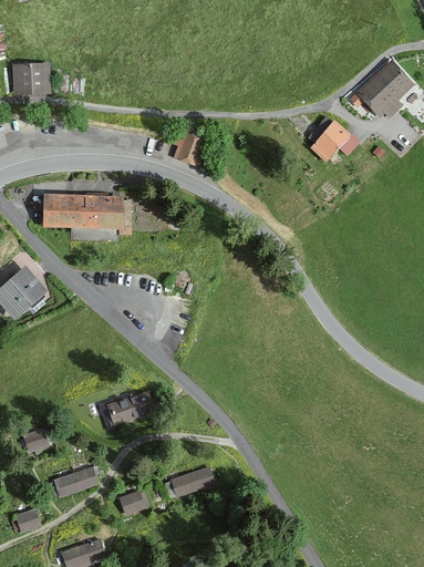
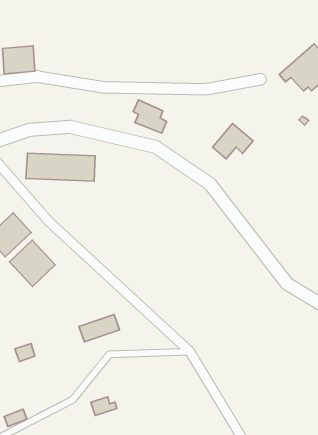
building: [310,121,360,164] -> [213,124,253,159]
building: none -> [10,240,55,286]
building: [55,466,103,497] -> none
building: [169,468,216,498] -> none

